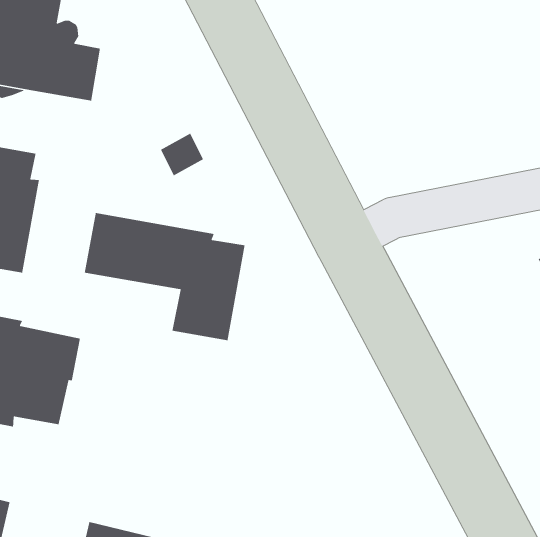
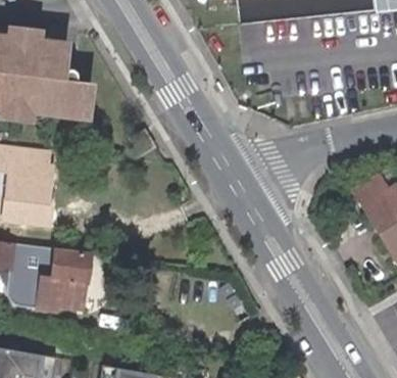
building: [84,212,245,341] -> none

